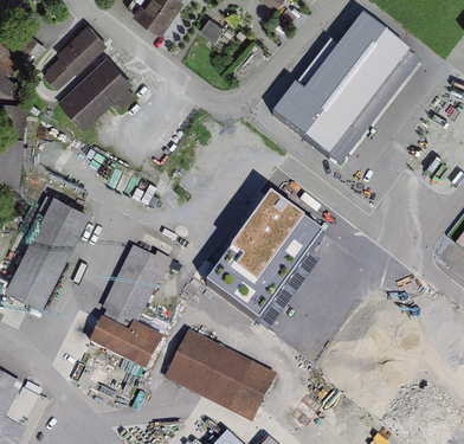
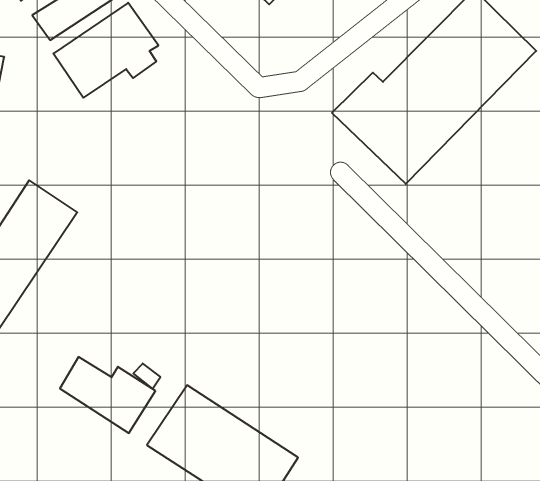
building: [204,197,321,324] -> none
building: [109,246,174,317] -> none

